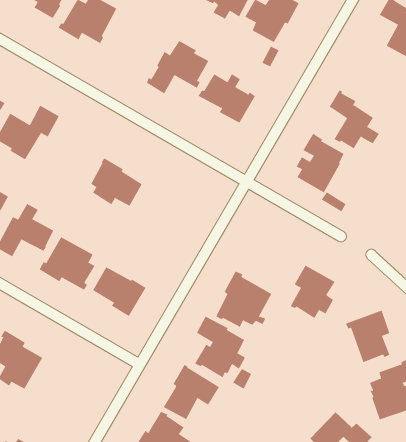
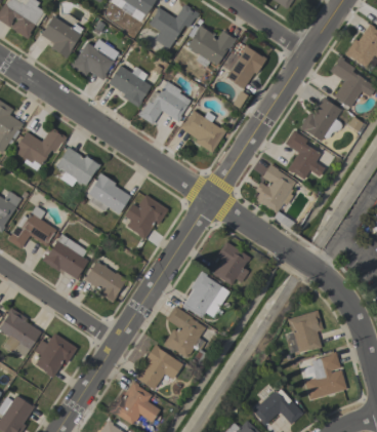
building: none -> [109,65,152,107]
building: none -> [299,96,341,141]
building: none -> [56,147,100,186]
building: none -> [124,194,169,239]
building: [290,265,335,319] -> [212,241,250,285]
building: none -> [34,332,77,378]

